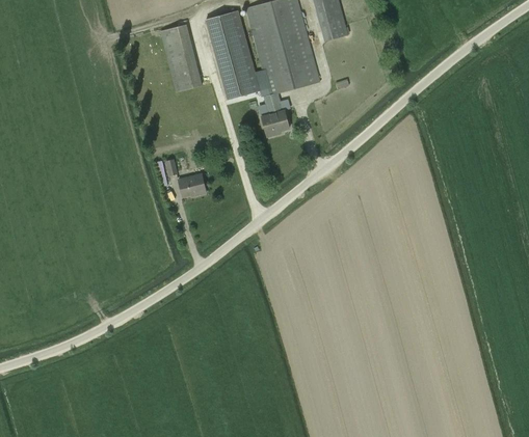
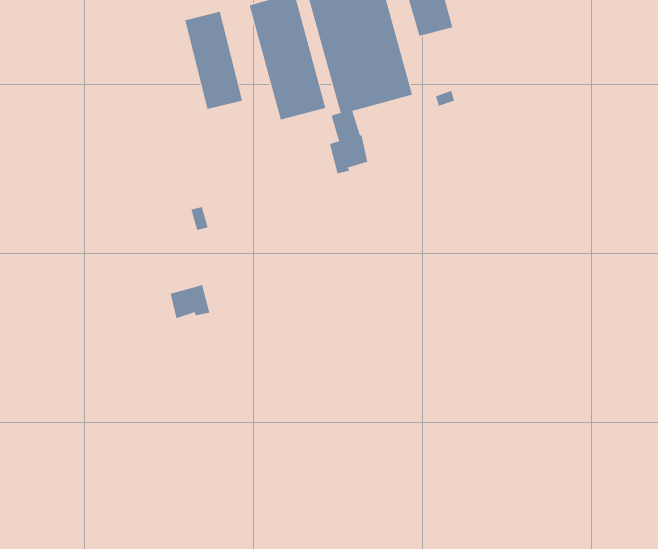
building: [177,172,205,196] -> [170,284,210,319]

